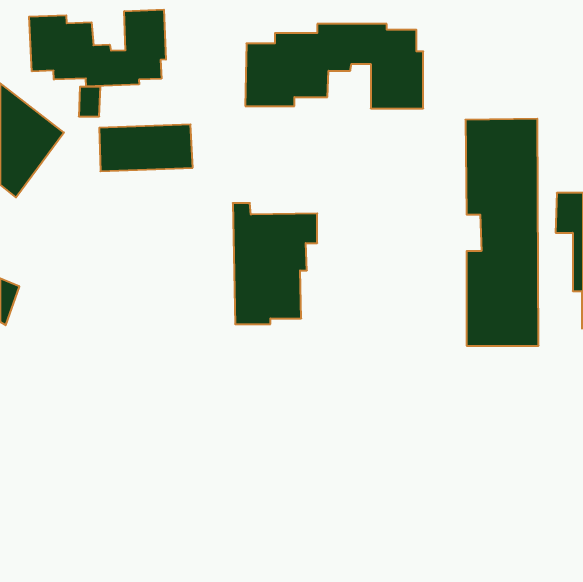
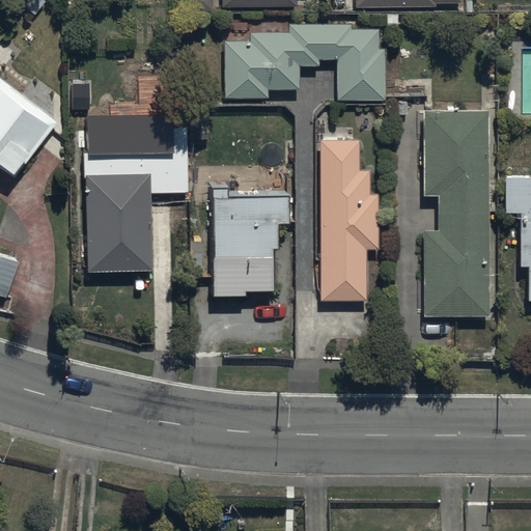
building: [29,10,166,86] -> none
building: none -> [319,139,378,301]
building: none -> [85,173,151,272]

